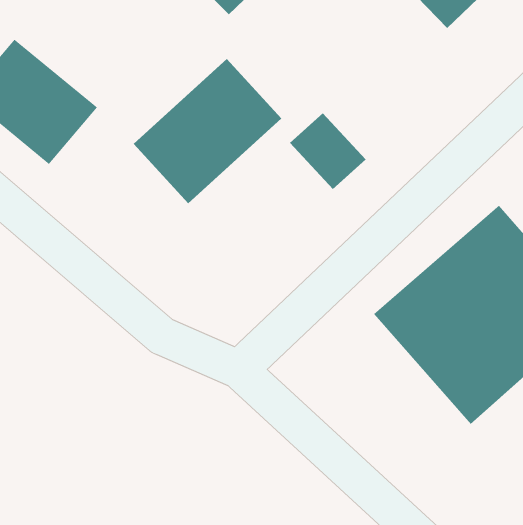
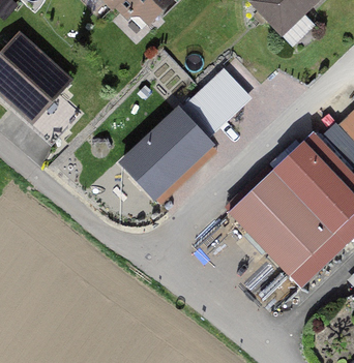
building: [133,58,282,204] -> [120,110,212,200]
building: none -> [202,68,248,116]

